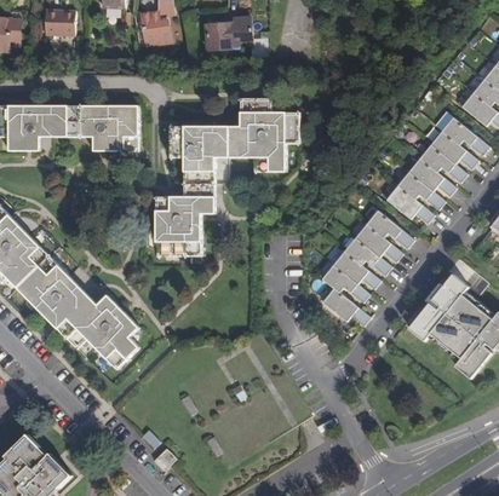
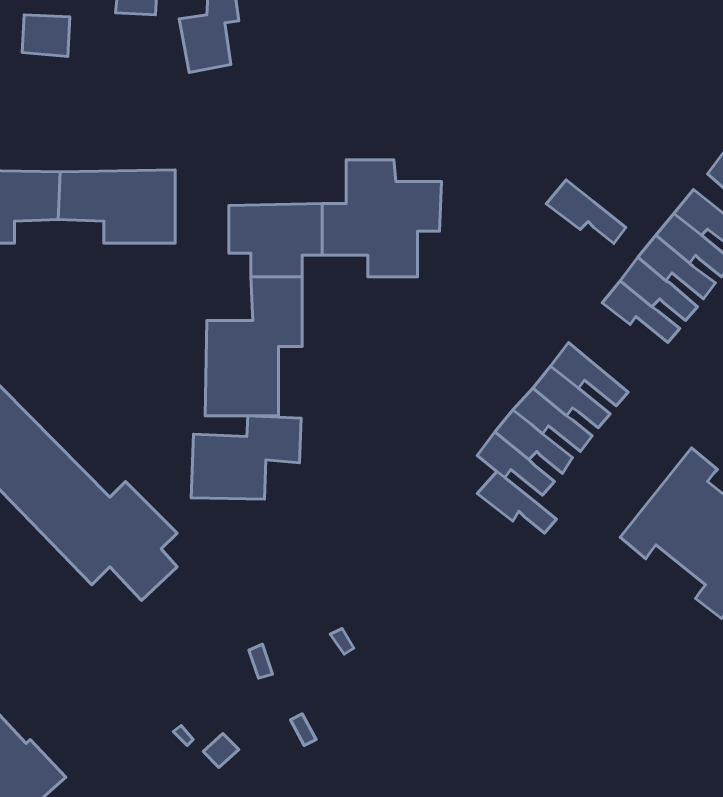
building: [206,16,253,48] -> none
building: [385,185,434,224] -> [546,180,626,243]
building: none -> [191,416,301,499]

